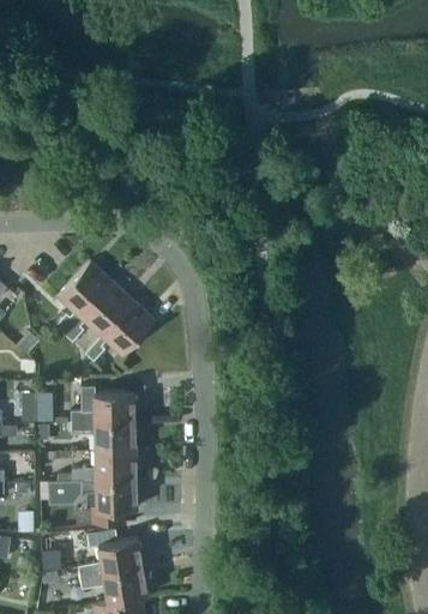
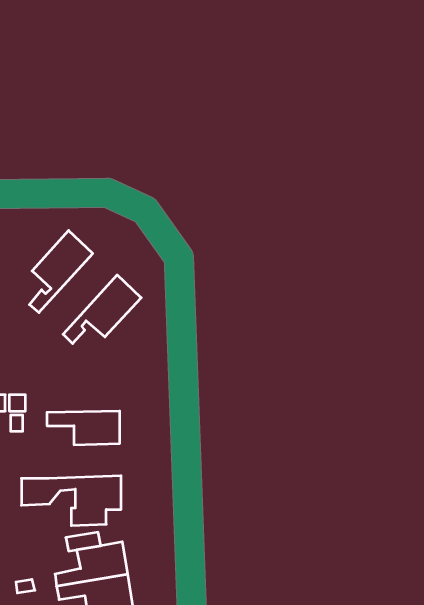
building: [64,281,133,342] -> none
building: [71,391,135,422] -> none
building: [72,450,137,481] -> none

